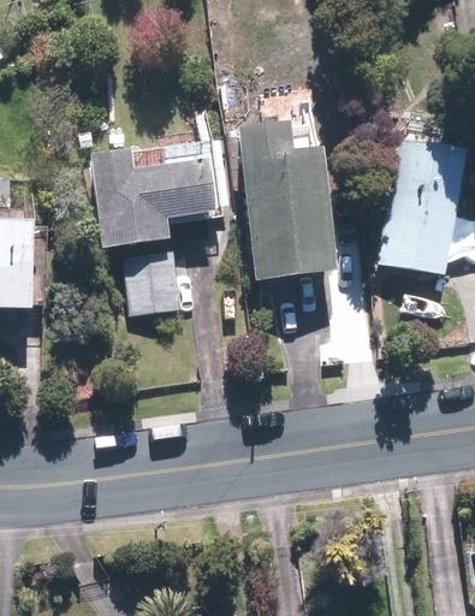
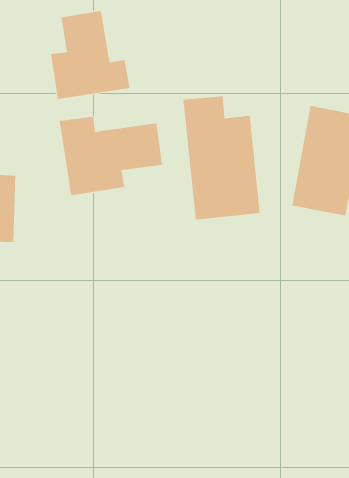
building: none -> [51,10,130,100]
building: [120,253,178,315] -> none

